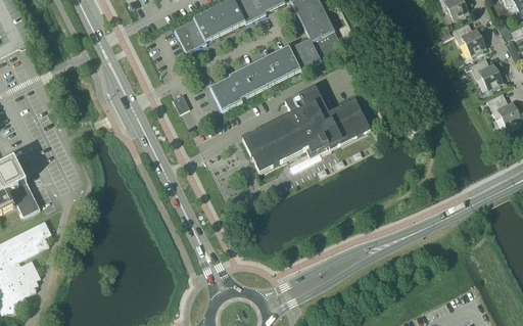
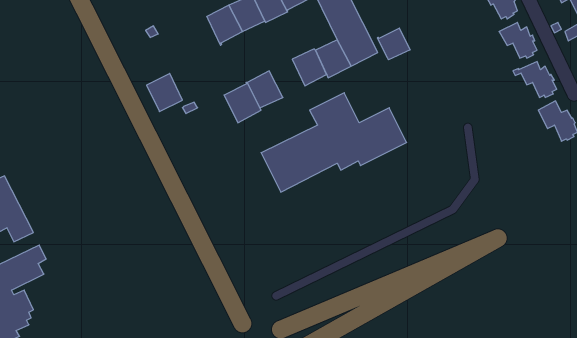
building: [174,19,205,53] -> [147,73,182,112]
building: none -> [378,28,410,60]
building: [248,55,280,89] -> none

